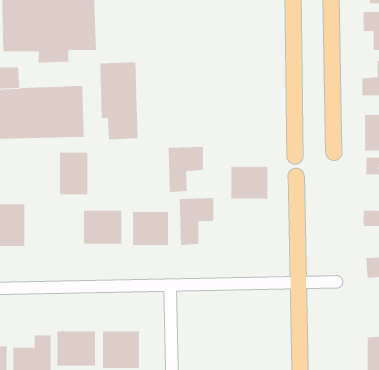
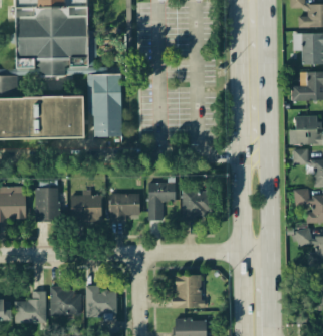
building: [168,146,204,193] -> none
building: [59,152,88,195] -> [36,187,59,221]
building: [231,166,268,199] -> [183,190,213,216]
building: none -> [174,275,203,308]

